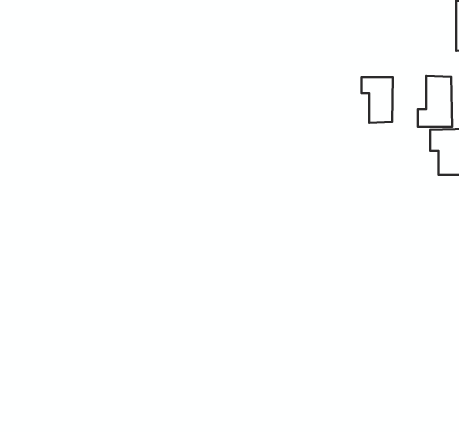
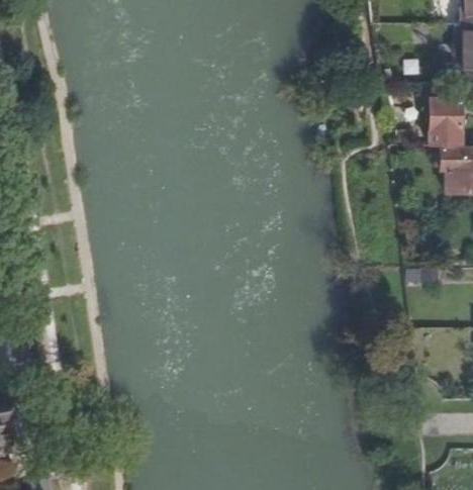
building: [362,77,393,123] -> none

